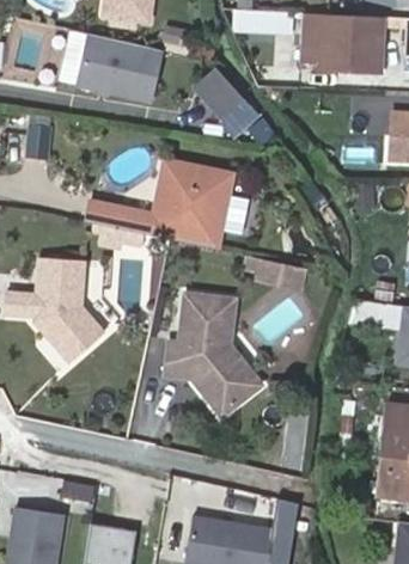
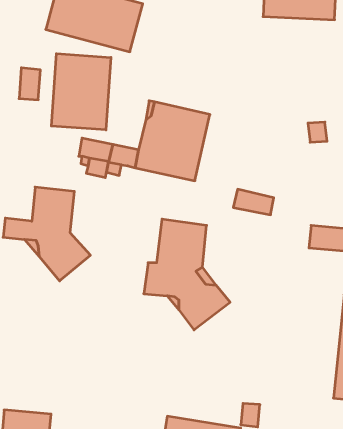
building: [190,68,258,136] -> none
building: none -> [51,54,111,130]

